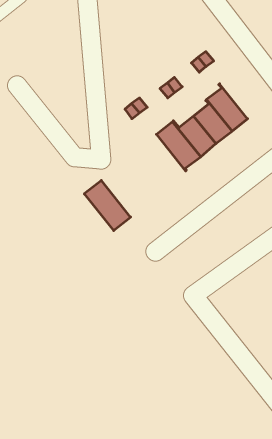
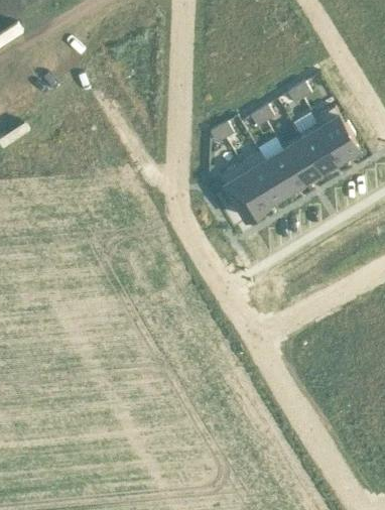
building: none -> [315,110,360,163]
building: [84,180,131,231] -> [221,167,267,223]

